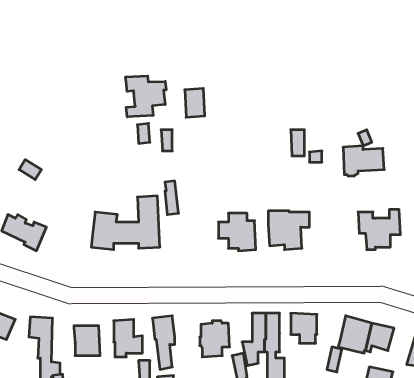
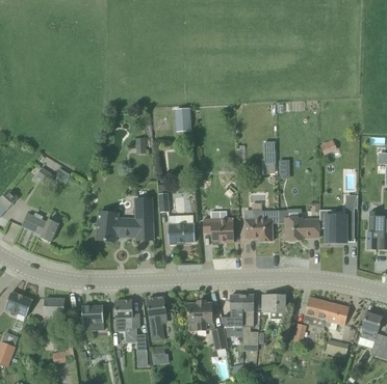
building: [126,76,166,117] -> none
building: [343,146,384,176] -> [285,216,319,241]
building: none -> [169,222,195,244]

